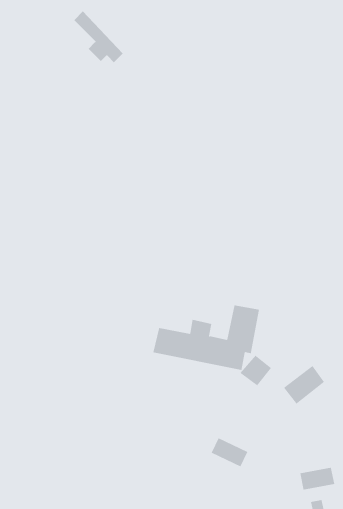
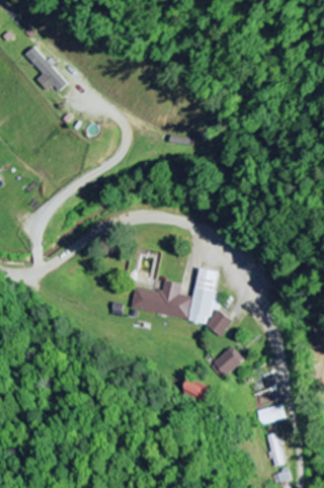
building: [73,11,123,63] -> [26,47,69,91]
building: [283,365,325,405] -> [209,346,244,380]

